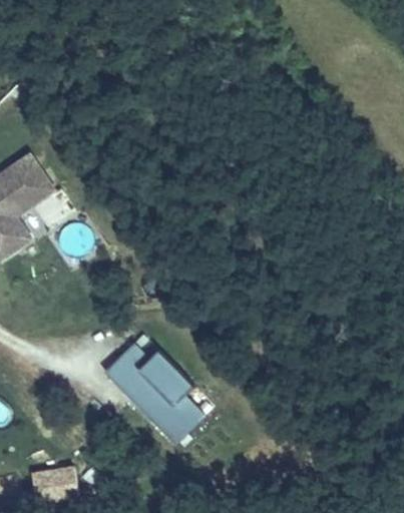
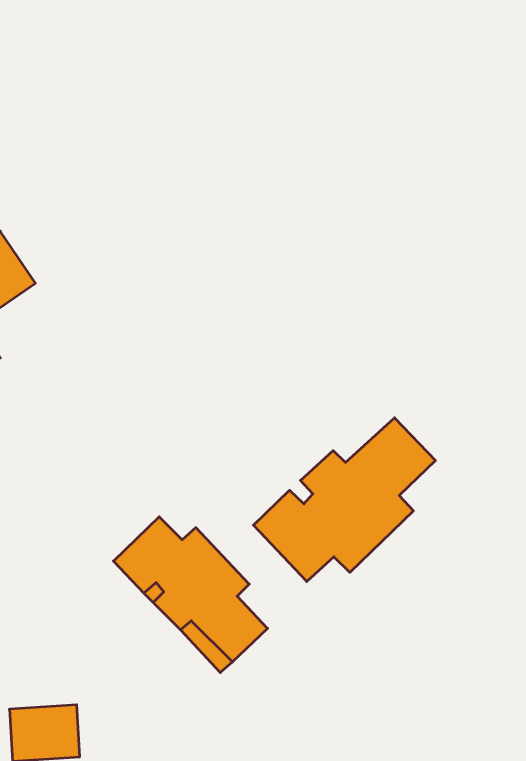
building: none -> [253,418,435,582]

